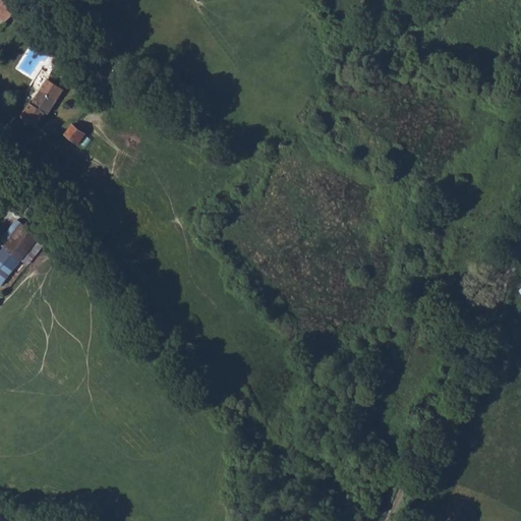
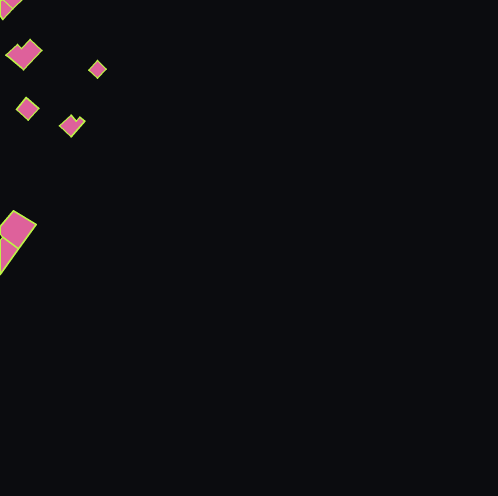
building: [24,83,62,115] -> [6,40,42,70]

